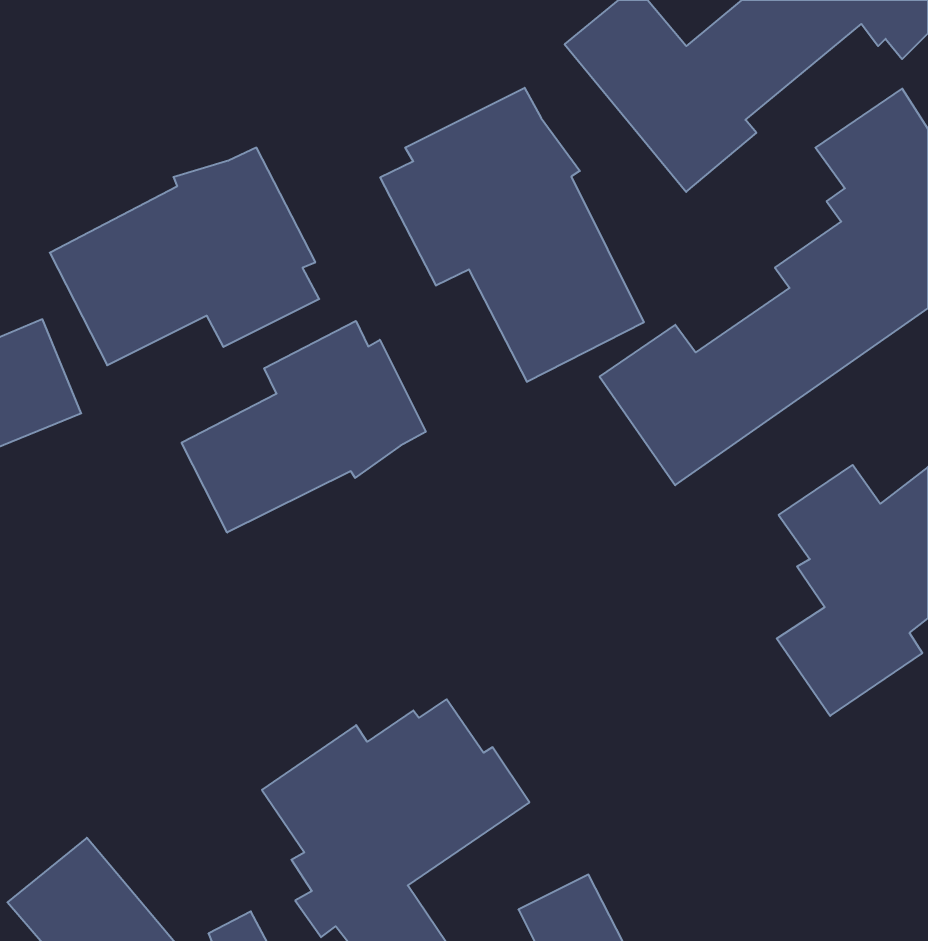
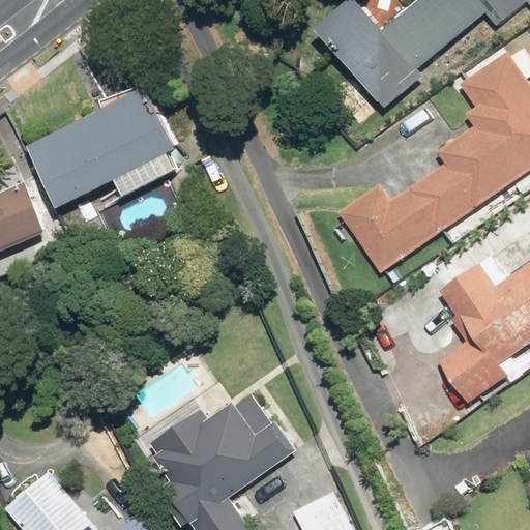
building: [380,88,644,382] -> none
building: [182,321,426,533] -> none

